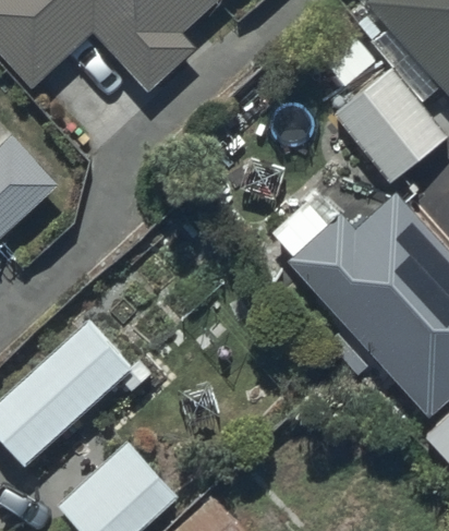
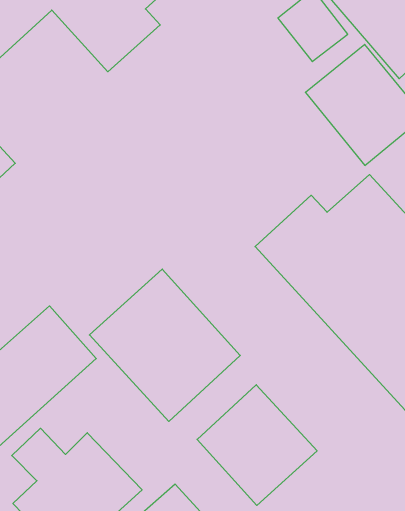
building: none -> [89,269,240,421]
building: none -> [197,385,317,505]

